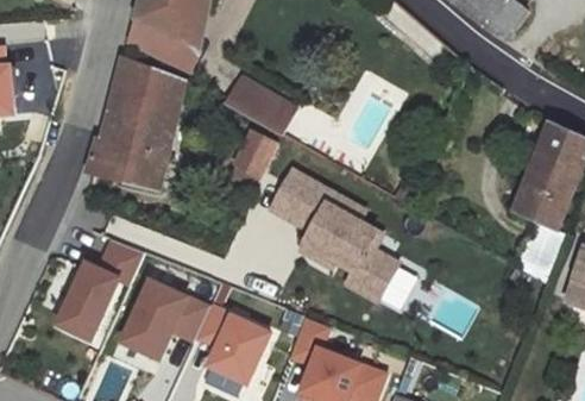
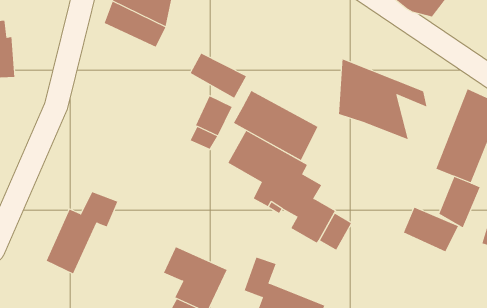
building: [87,57,182,188] -> none
building: none -> [338,58,427,140]
building: none -> [233,90,318,161]
building: none -> [403,207,459,252]
building: [122,281,208,358] -> none

